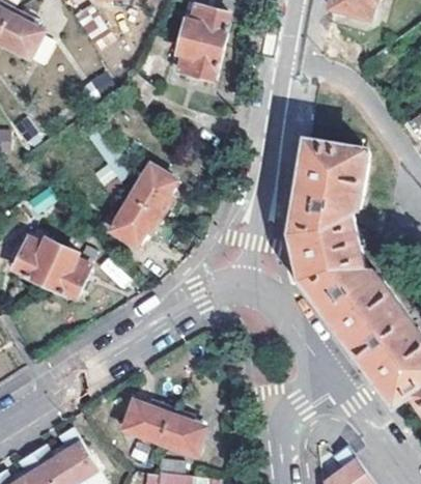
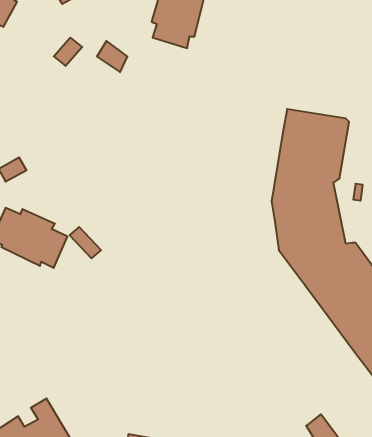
building: [109,170,173,248] -> none
building: [118,399,198,453] -> none

